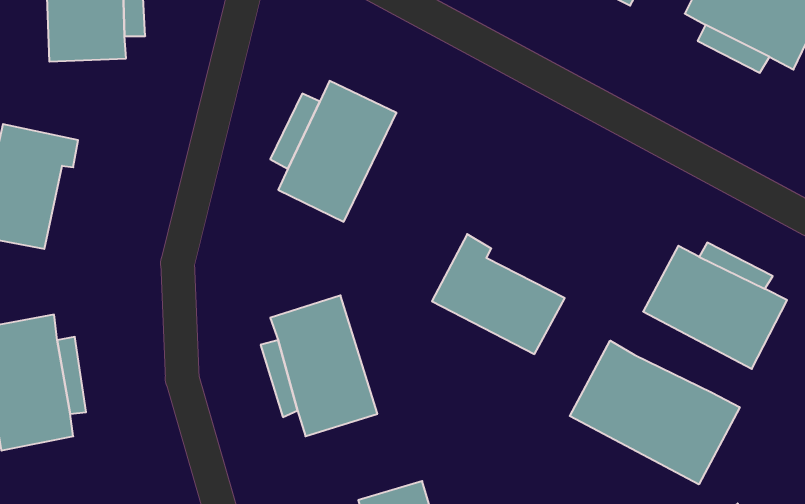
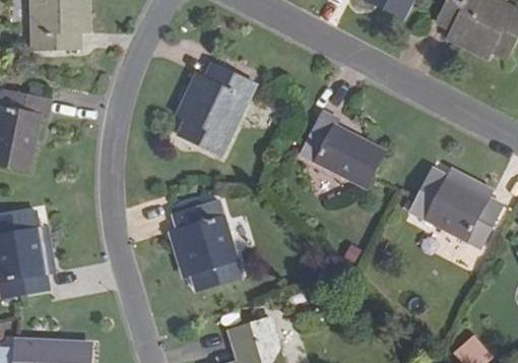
building: [432,234,565,354] -> [301,110,385,186]
building: [570,341,740,484] -> none

